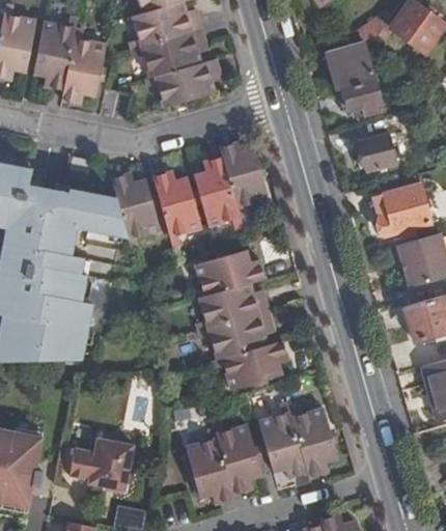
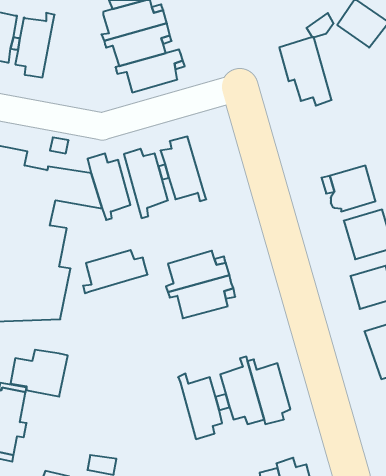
building: [60,28,105,102] -> none
building: [359,137,396,174] -> none
building: [220,139,269,214] -> none
building: [193,249,264,297] -> [83,250,148,293]
building: [213,337,286,383] -> none
building: [188,425,233,498] -> none
building: [67,441,131,493] -> [11,350,68,397]

